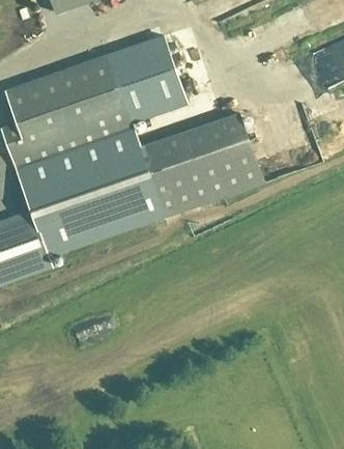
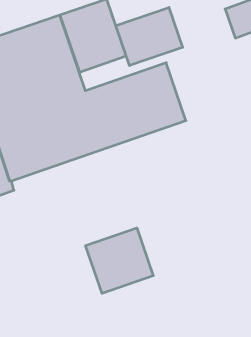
building: none -> [116,7,183,66]
building: none -> [86,228,153,293]

